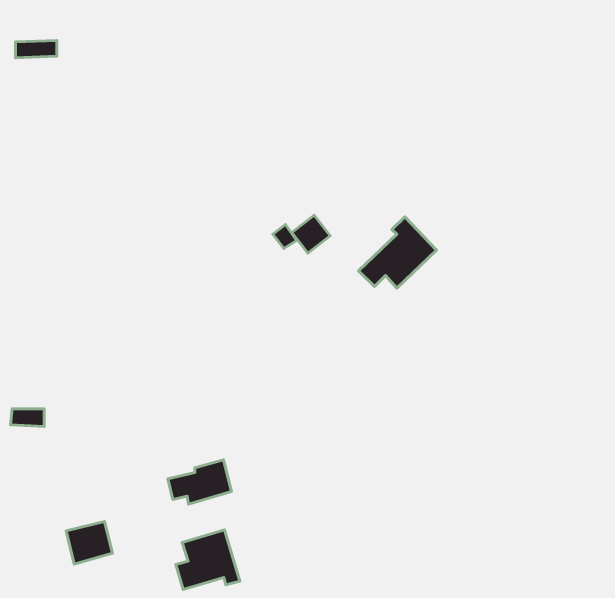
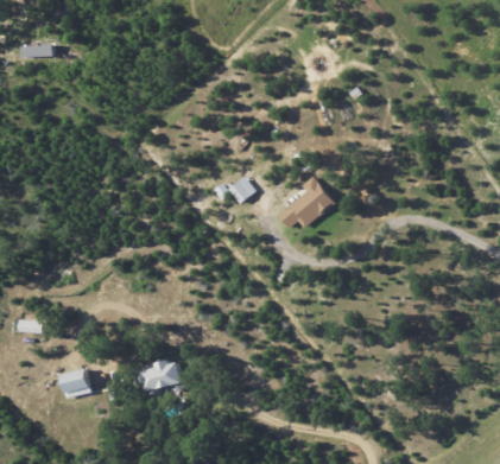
building: [66,521,112,564] -> [58,367,93,399]
building: [176,530,240,590] -> none

